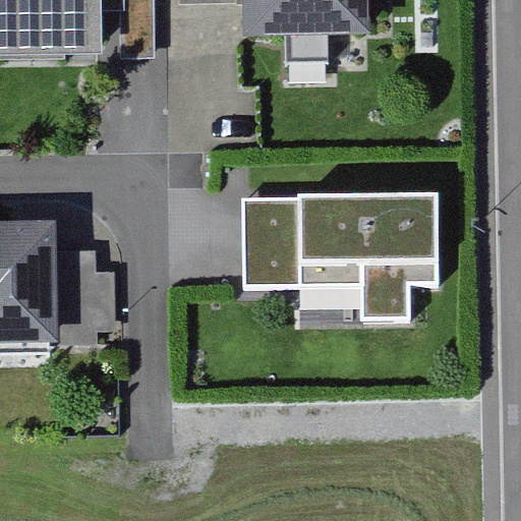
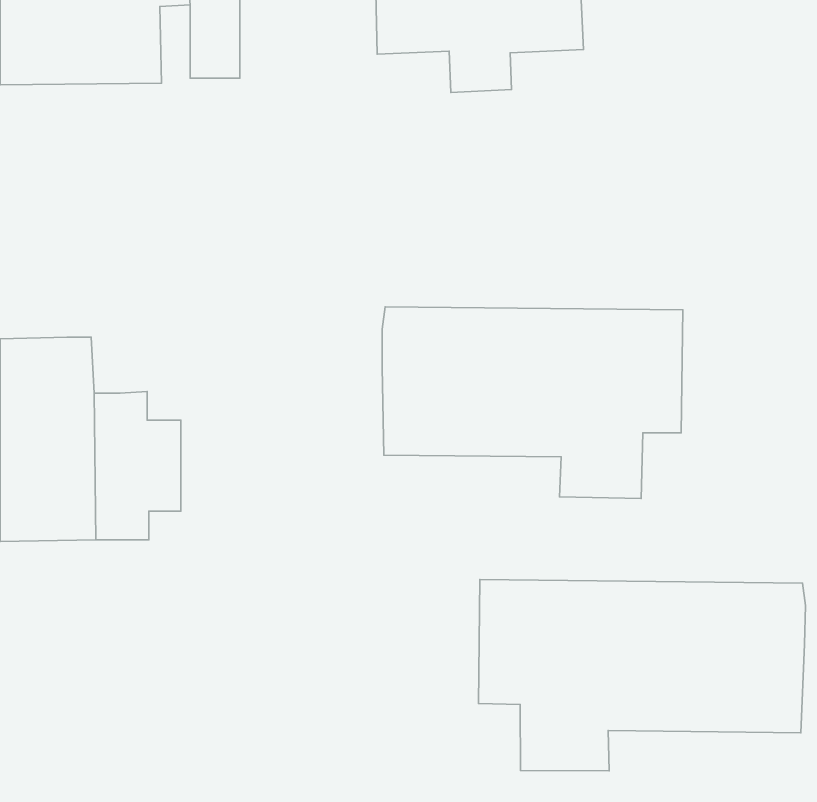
building: none -> [479,580,805,771]

